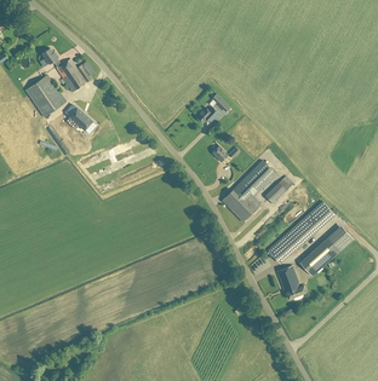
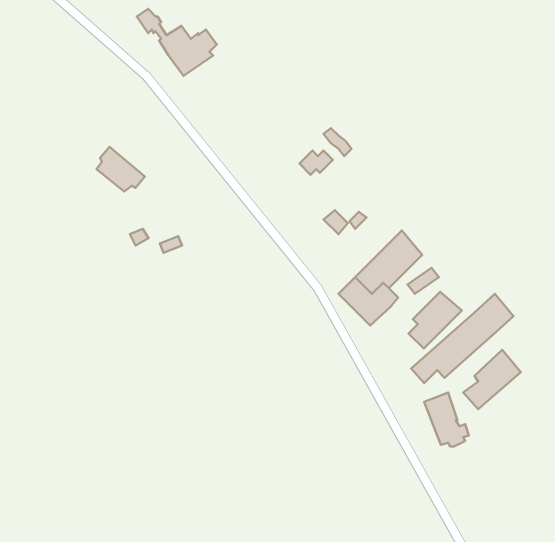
building: [42,48,94,92] -> [137,9,217,76]
building: [25,75,67,117] -> none
building: none -> [409,292,462,349]

